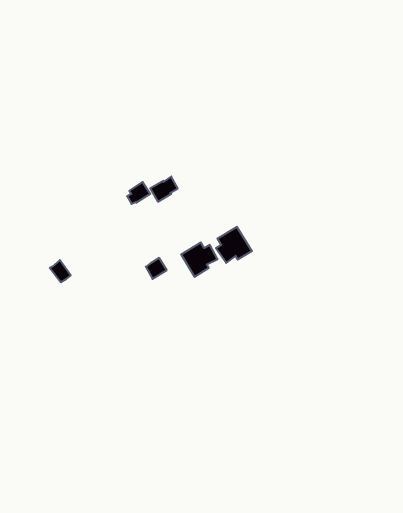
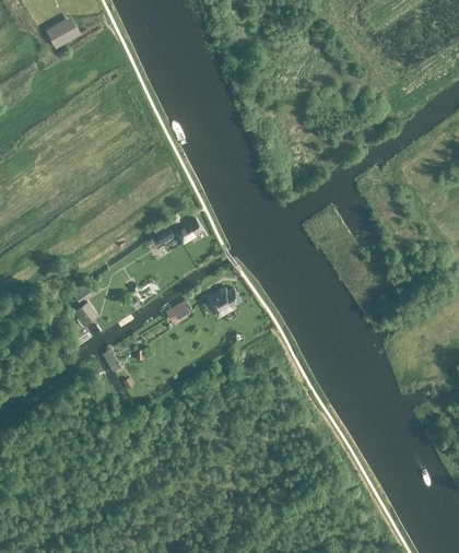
building: [216,227,252,263] -> none

